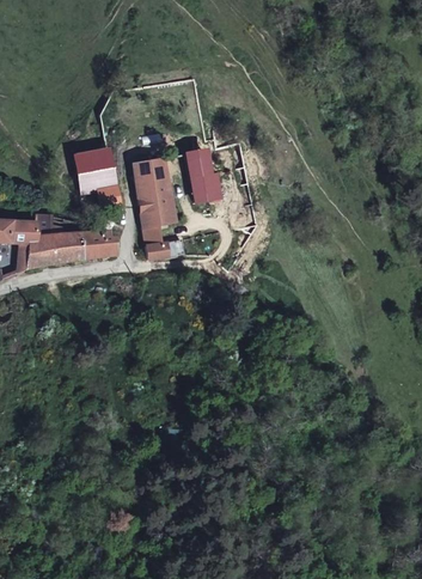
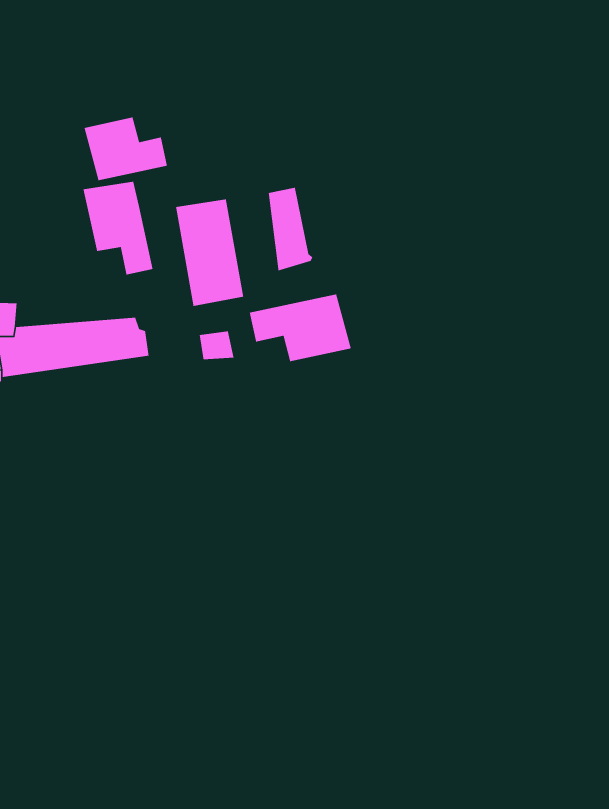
building: none -> [84,117,168,181]
building: none -> [249,294,352,362]

